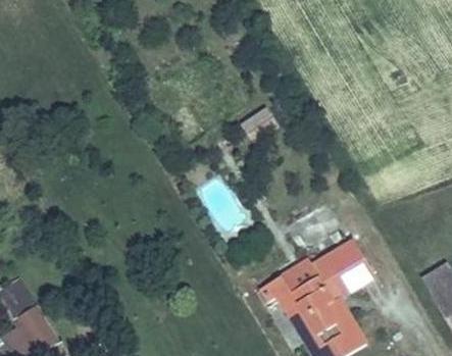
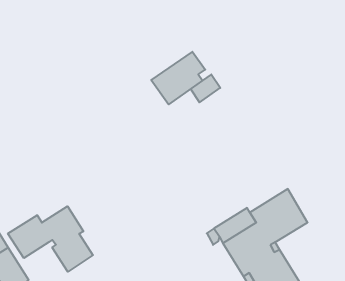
building: none -> [151,52,205,104]
building: none -> [8,206,93,272]

